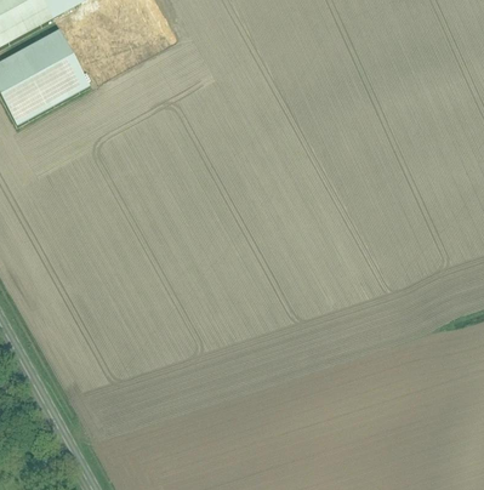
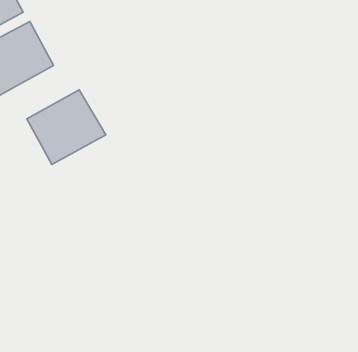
building: none -> [27,90,106,164]

